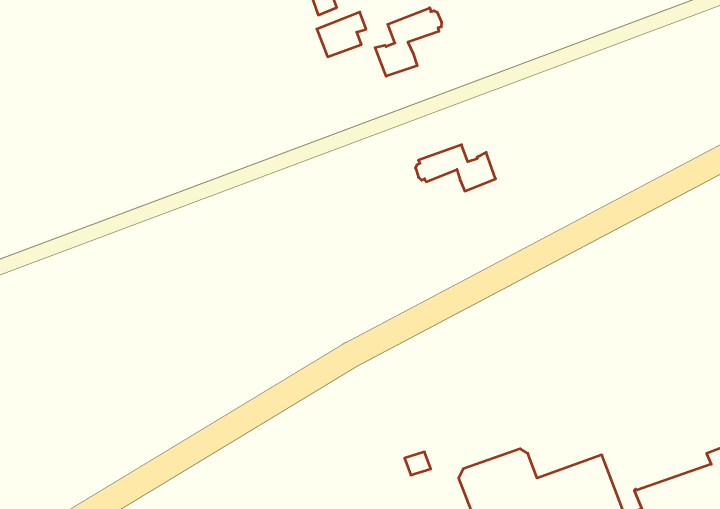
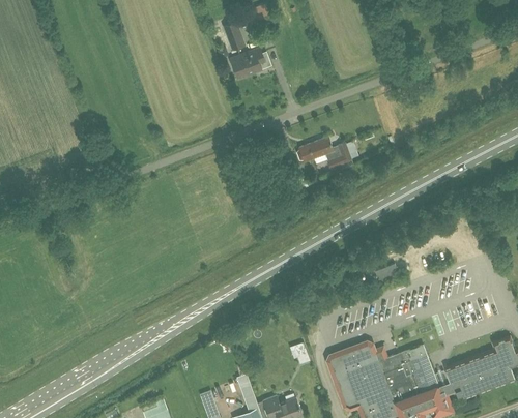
building: [375,8,441,76] -> none

